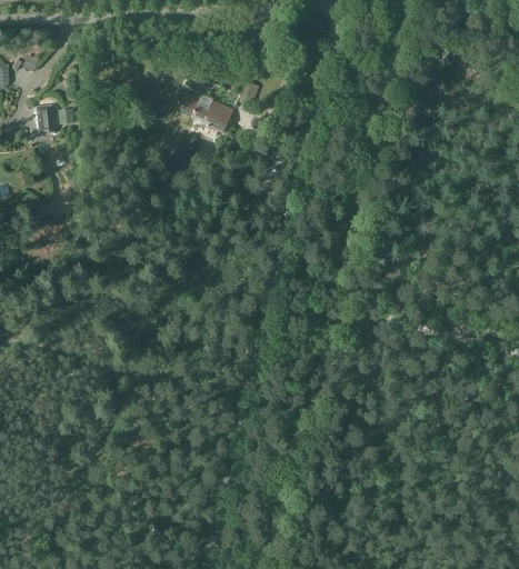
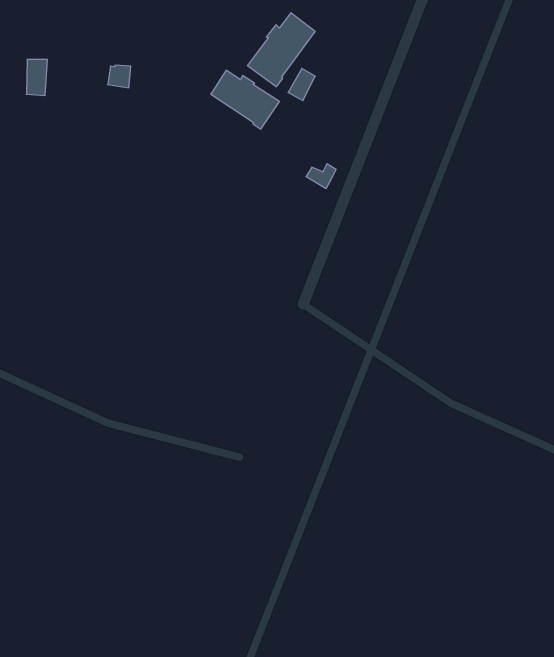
building: none -> [247,13,315,87]

